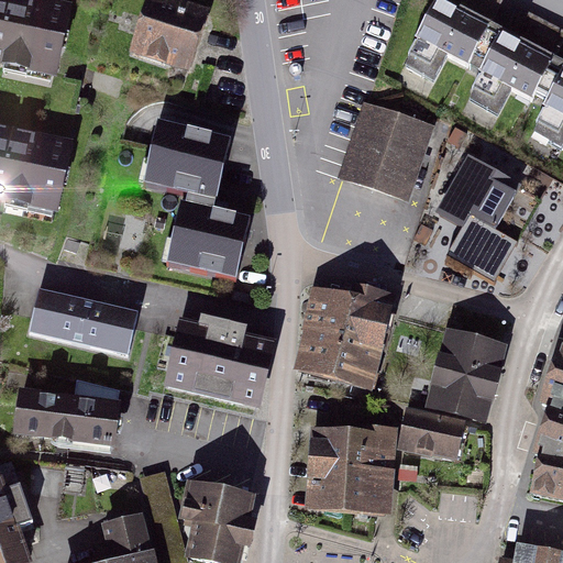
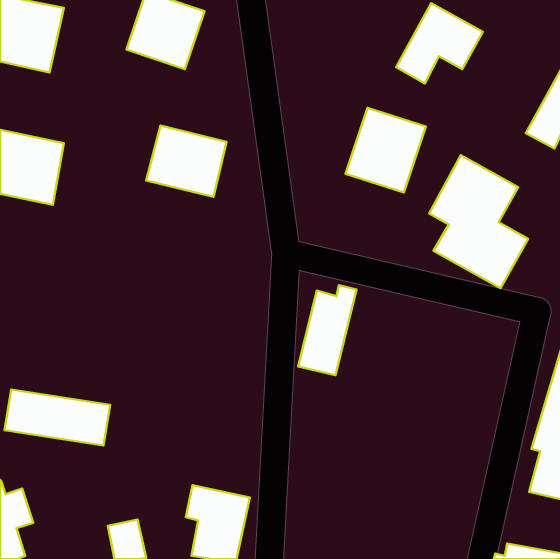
building: [459,33,545,113] -> none
building: [175,209,247,273] -> none
building: [23,288,130,352] -> none
building: [338,289,393,384] -> none
building: [174,324,271,400] -> none
building: [433,333,504,420] -> none
building: [406,411,465,455] -> none
building: [314,429,393,509] -> none

